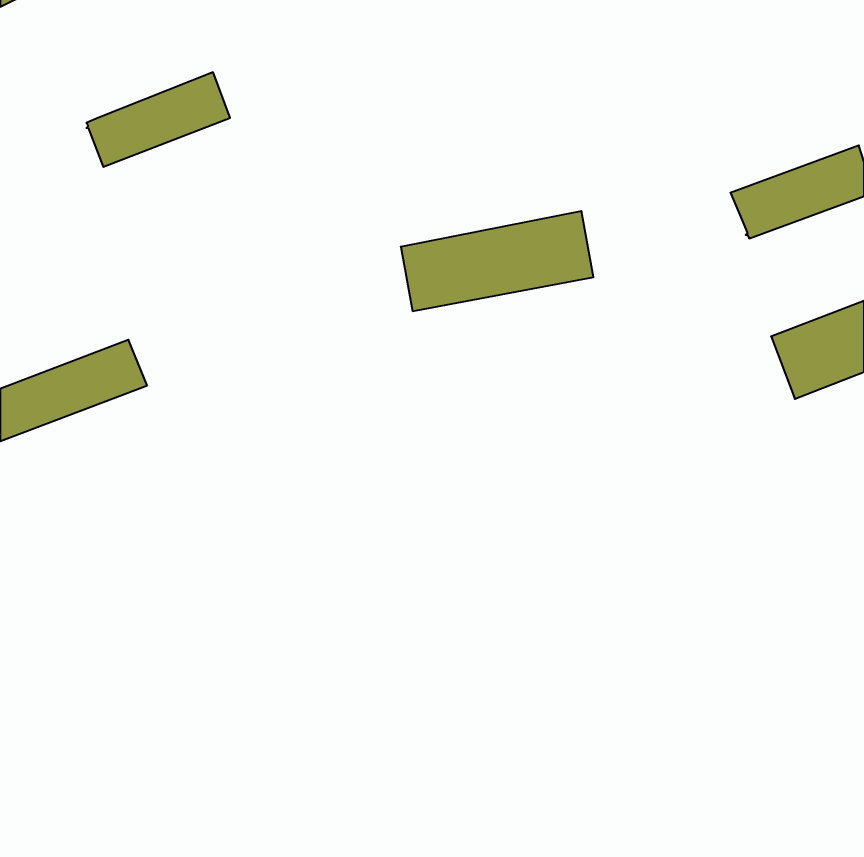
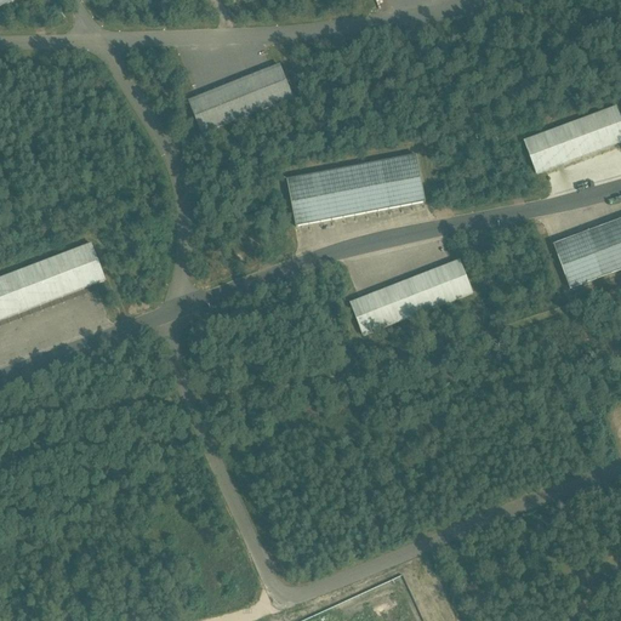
building: [86,72,230,167] -> [189,62,292,130]
building: none -> [351,257,472,332]

